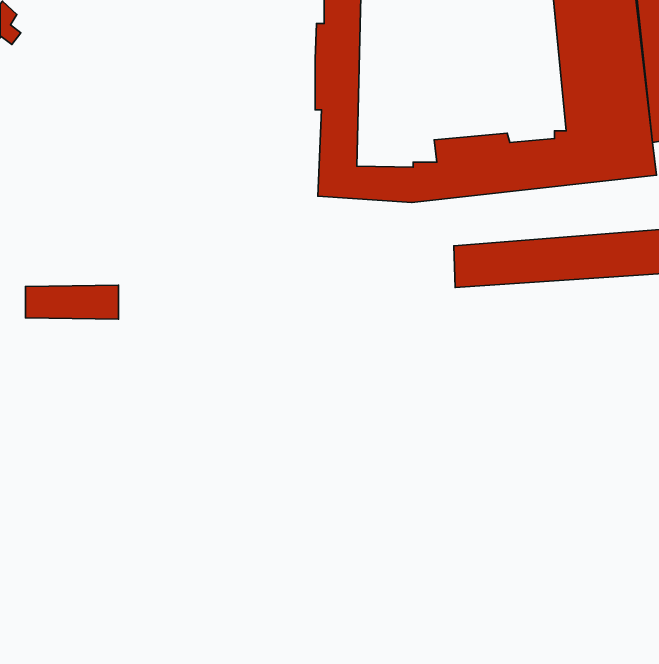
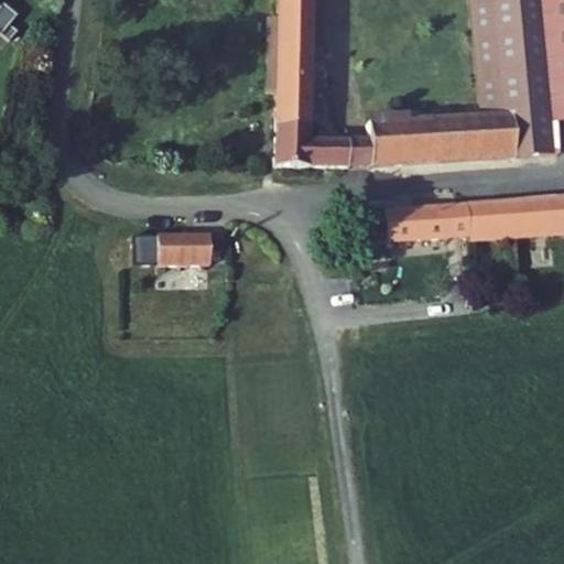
building: [26,285,118,319] -> [138,236,216,264]

